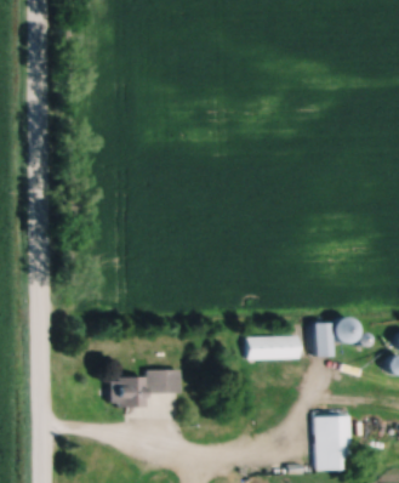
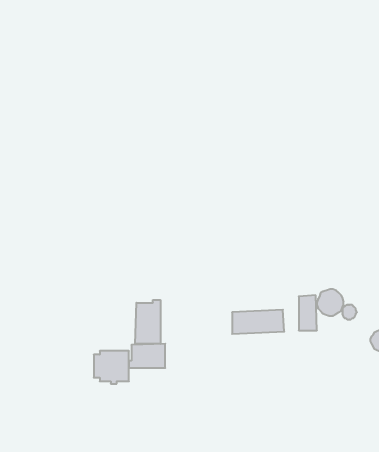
building: none -> [135,300,160,344]
building: [314,410,352,472] -> none

